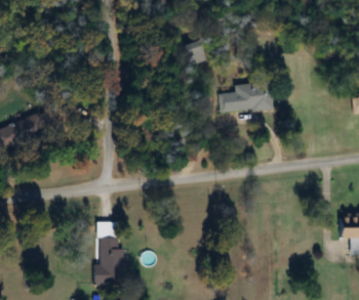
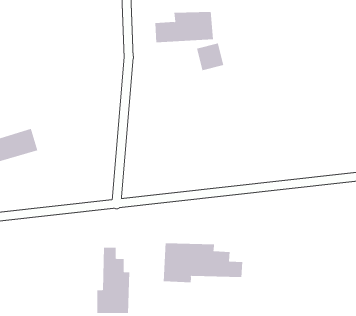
building: [217,84,272,113] -> [154,11,214,43]
building: none -> [163,242,243,283]

